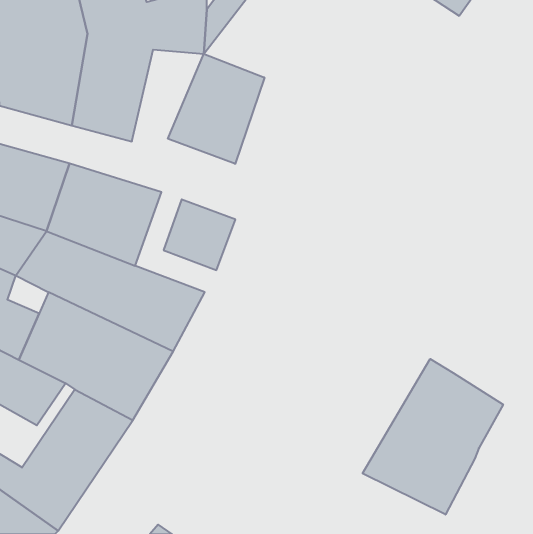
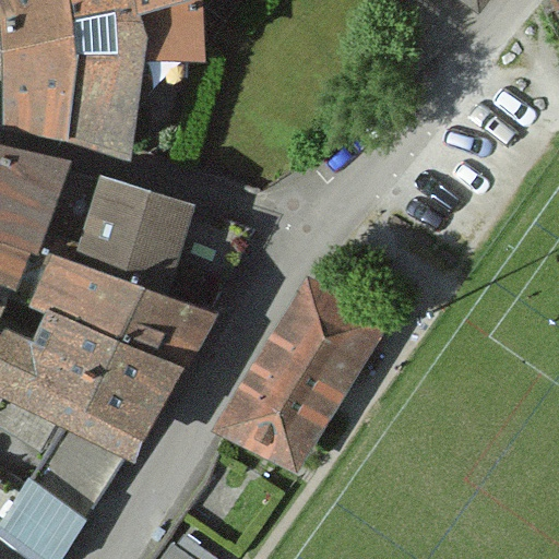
building: [168,54,264,164] -> none
building: none -> [215,287,379,479]
building: [363,359,503,515] -> none

